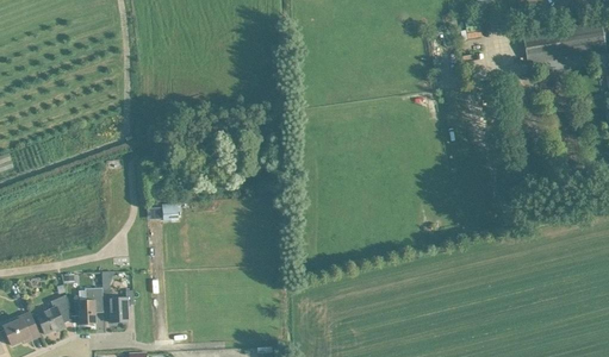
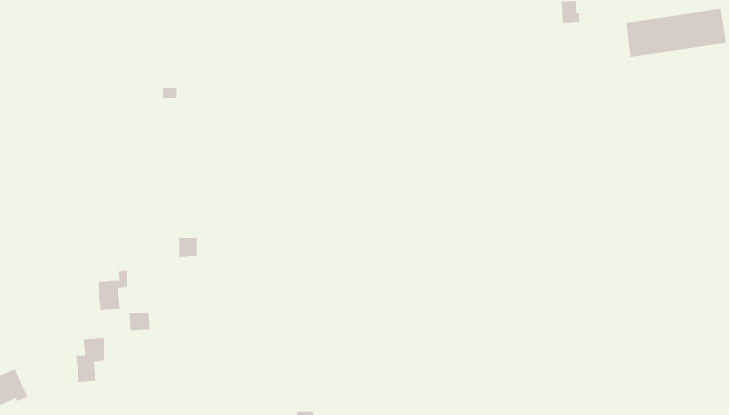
building: [110,289,133,322] -> [98,270,128,311]
building: [37,294,72,333] -> none

